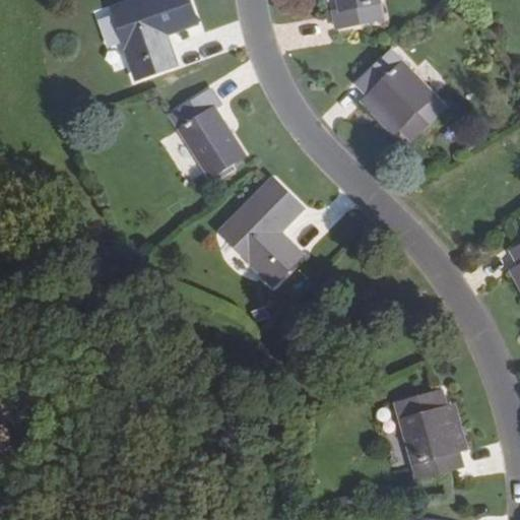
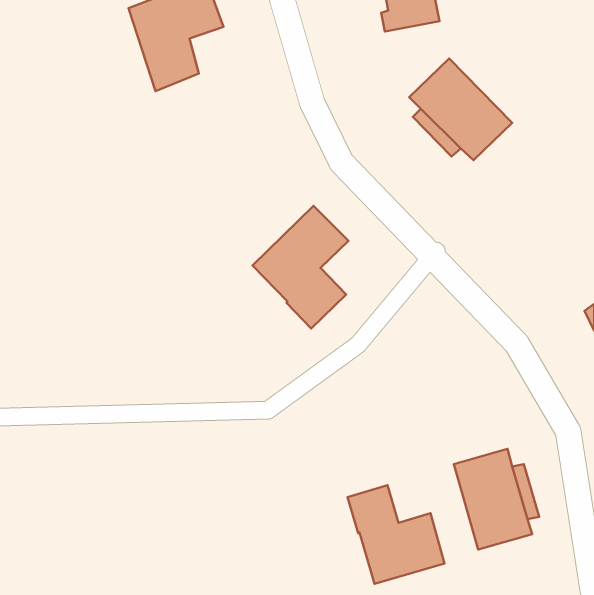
building: [170,88,245,177] -> none
building: none -> [347,485,445,584]

